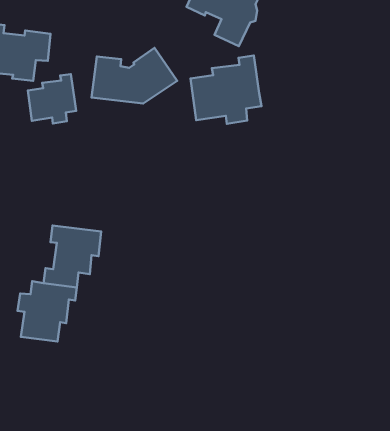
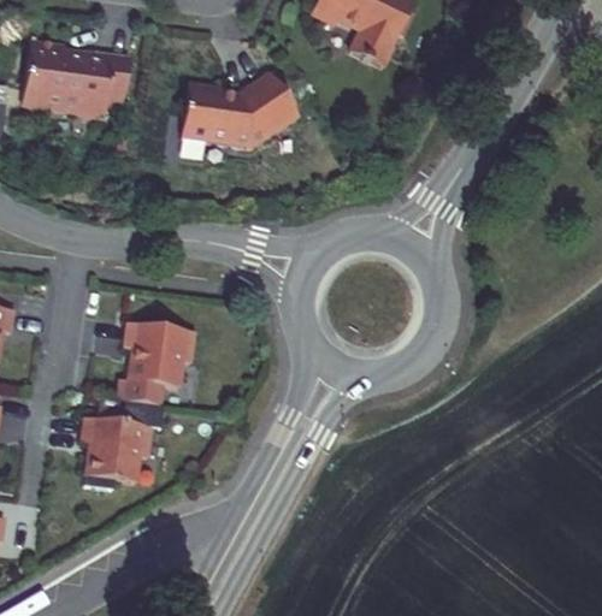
building: [191,56,261,124] -> none
building: [28,74,76,123] -> none

